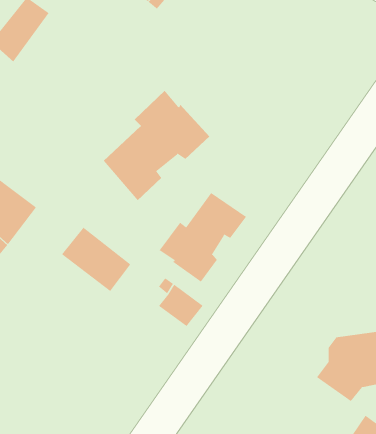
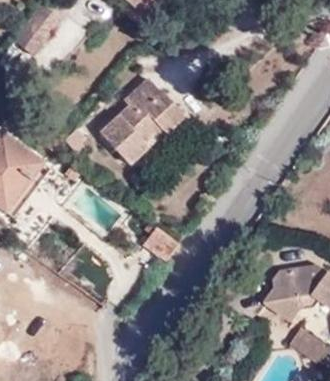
building: [159,192,247,283] -> none

